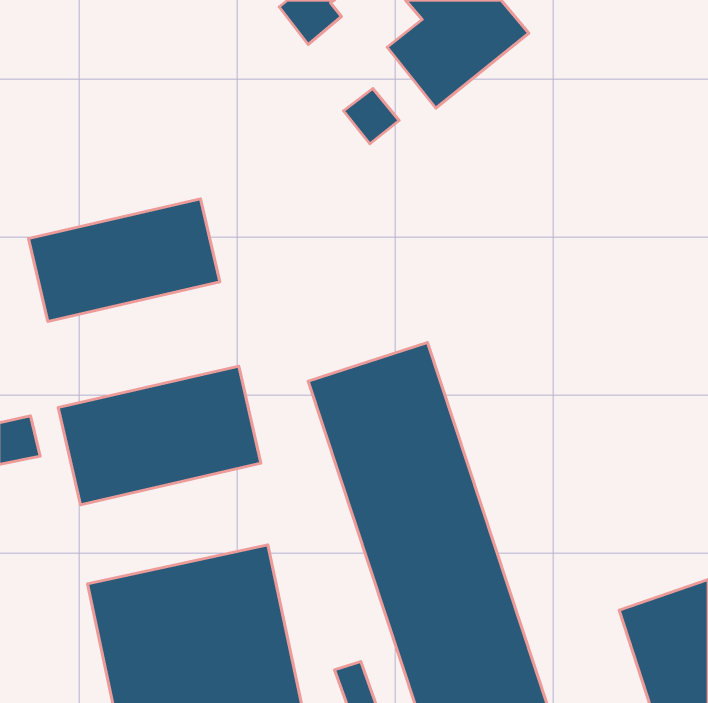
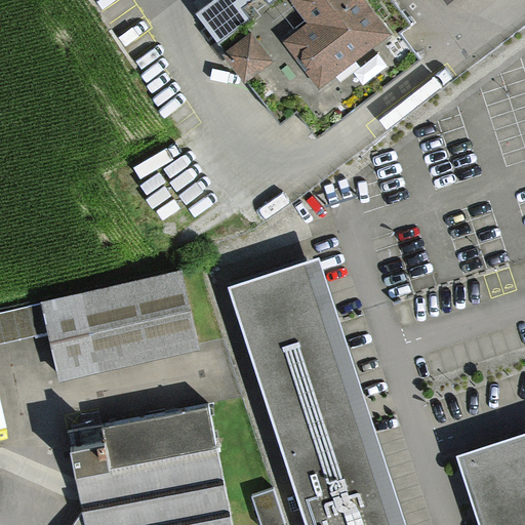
building: [344,88,399,144] -> [228,36,269,77]
building: [28,199,220,322] -> none

